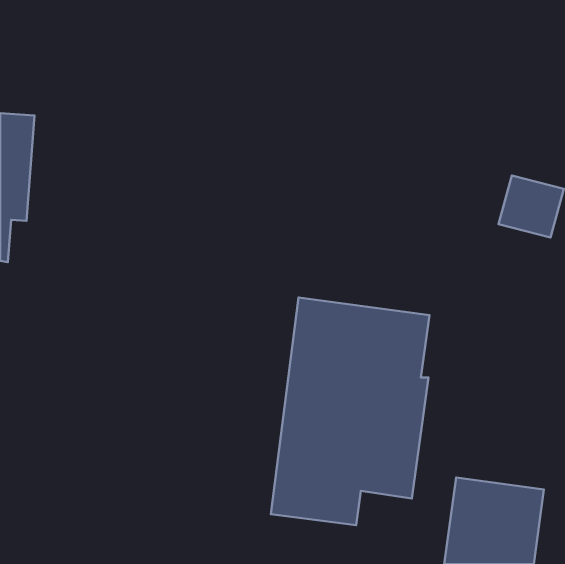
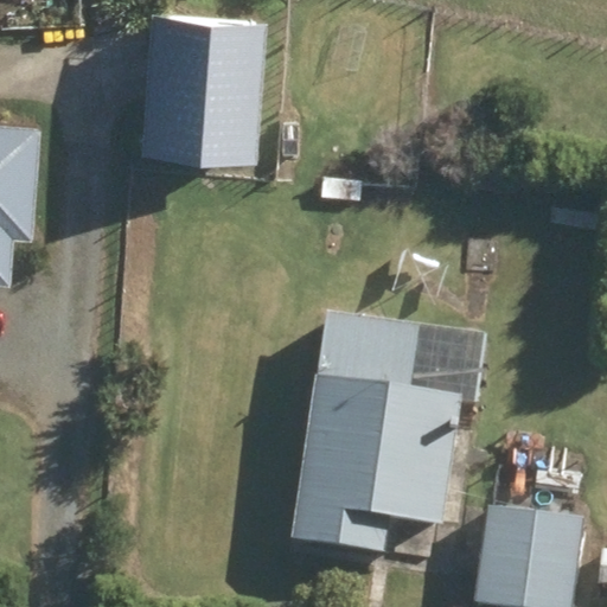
building: none -> [141,8,263,158]

